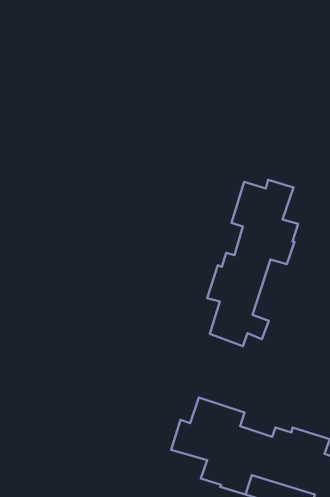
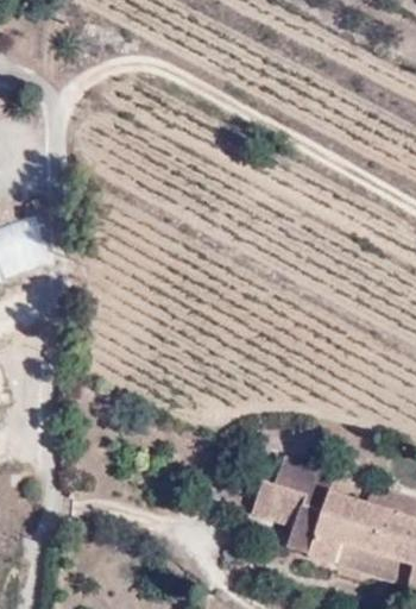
building: [207,180,298,346] -> none

